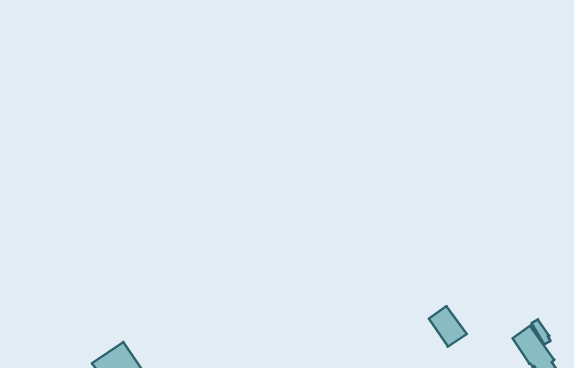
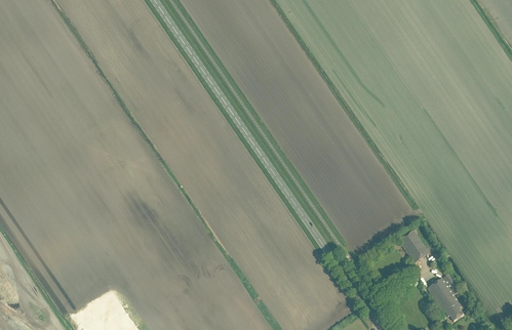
building: [429,306,467,347] -> [398,231,429,263]

